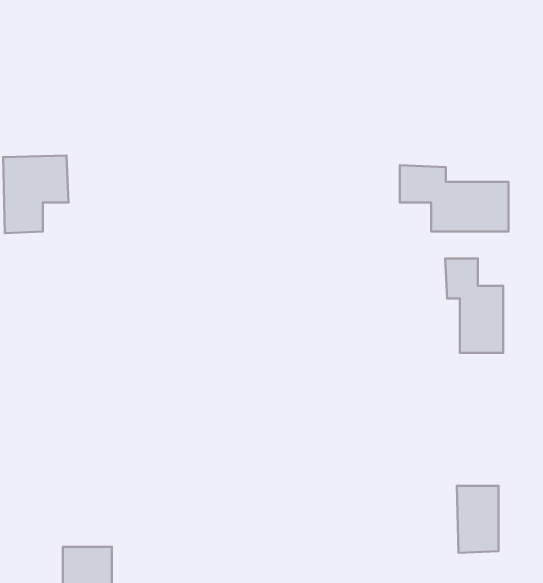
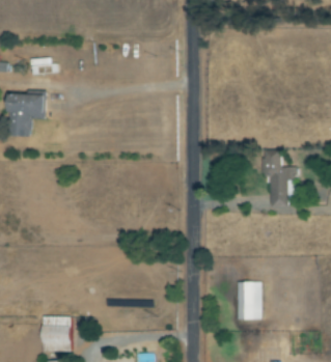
building: [400,165,508,232] -> none
building: [457,486,498,553] -> [237,282,260,321]

